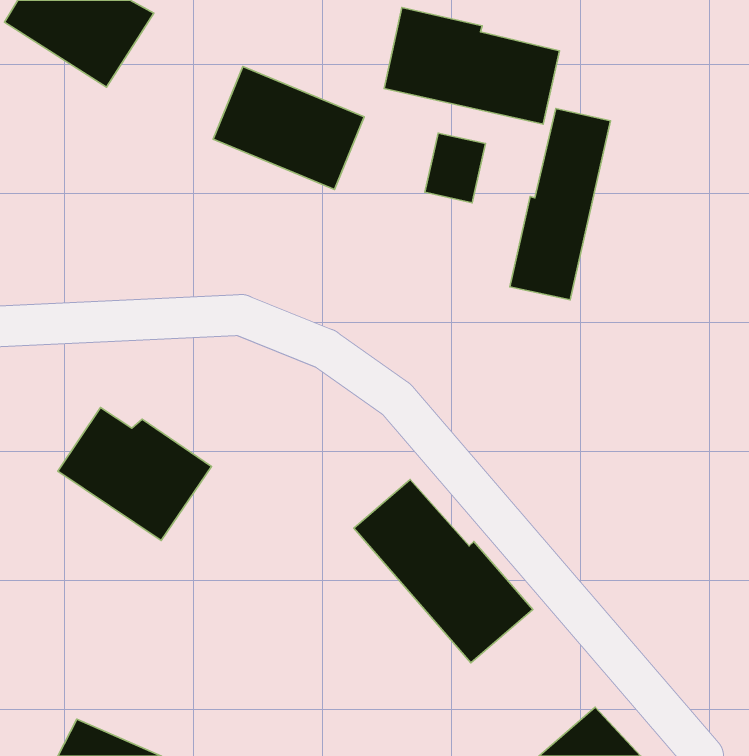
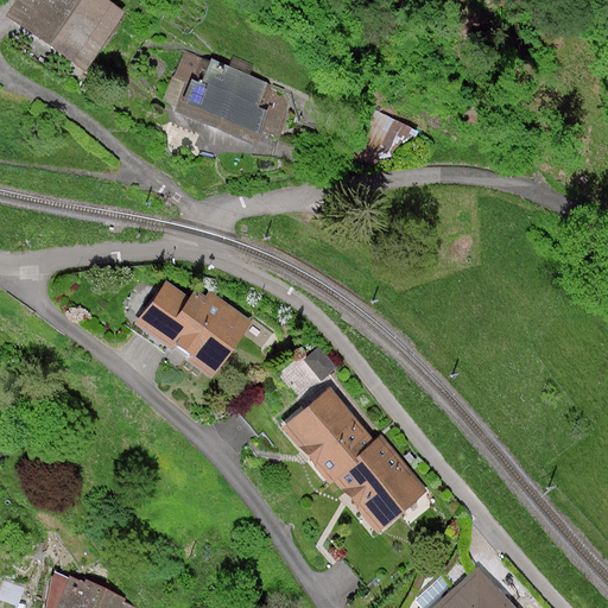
building: [384,8,560,124] -> none
building: [510,108,610,300] -> none
building: [58,407,212,541] -> [134,277,258,384]

